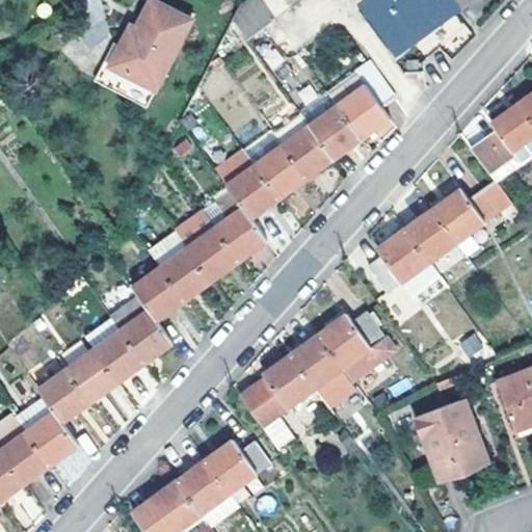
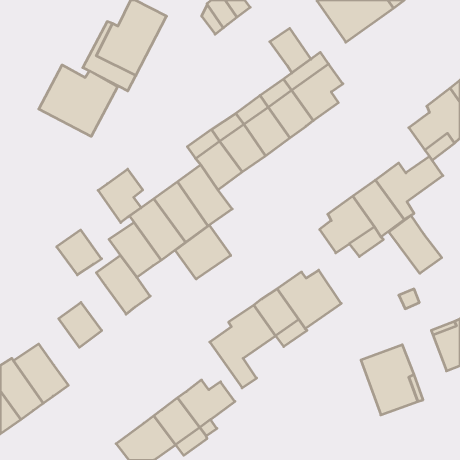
building: none -> [270,28,311,73]
building: none -> [39,65,118,136]
building: none -> [98,169,143,223]
building: none -> [389,215,442,273]
building: none -> [175,225,231,279]
building: [94,329,145,381] -> [57,230,102,275]
building: [38,368,91,422] -> none

